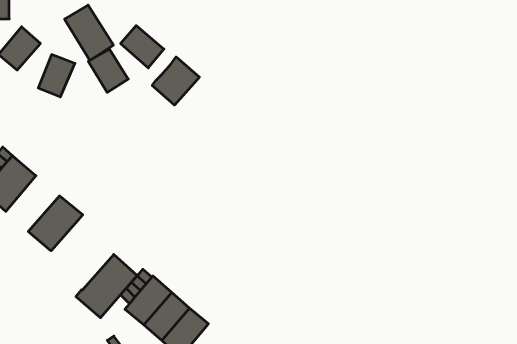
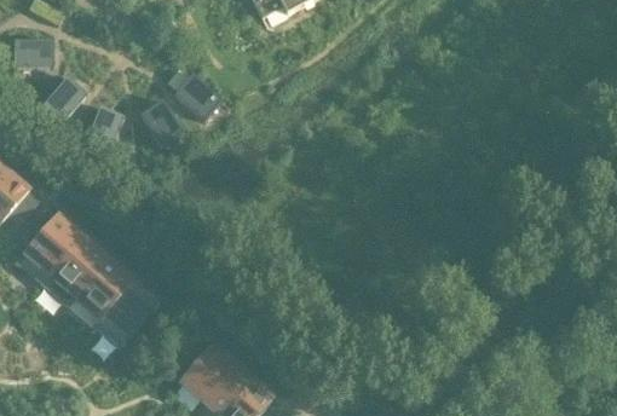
building: [65,5,113,60] -> none
building: [152,57,199,105] -> none
building: none -> [46,232,104,293]
building: [76,254,137,318] -> [88,275,155,343]

